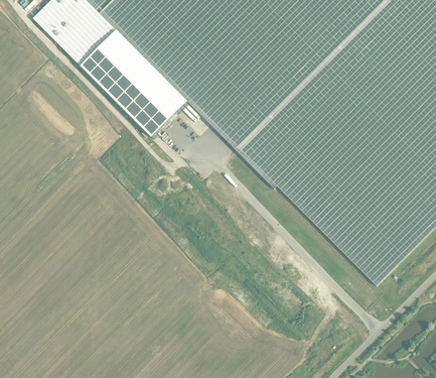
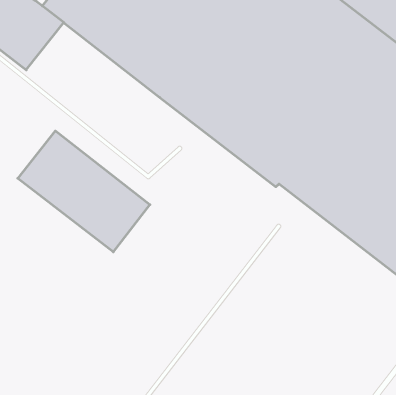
building: [78,28,184,135] -> [18,131,150,252]

